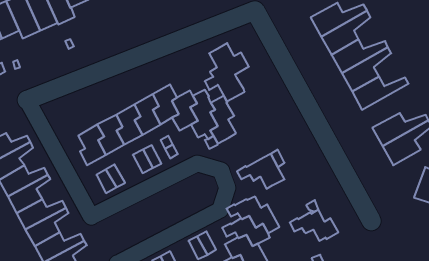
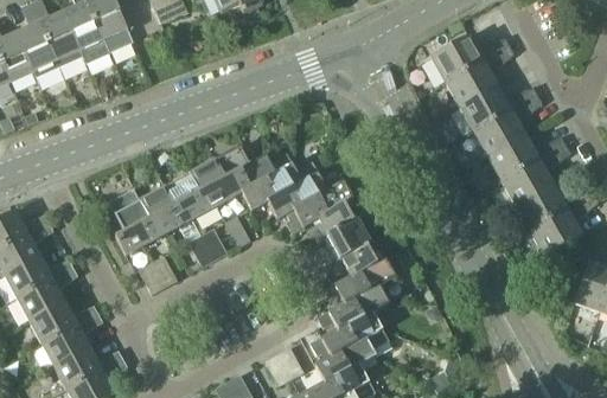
building: [205,43,249,101] -> [313,180,373,259]
building: none -> [501,146,570,206]
building: [290,210,338,241] -> [324,272,390,315]

